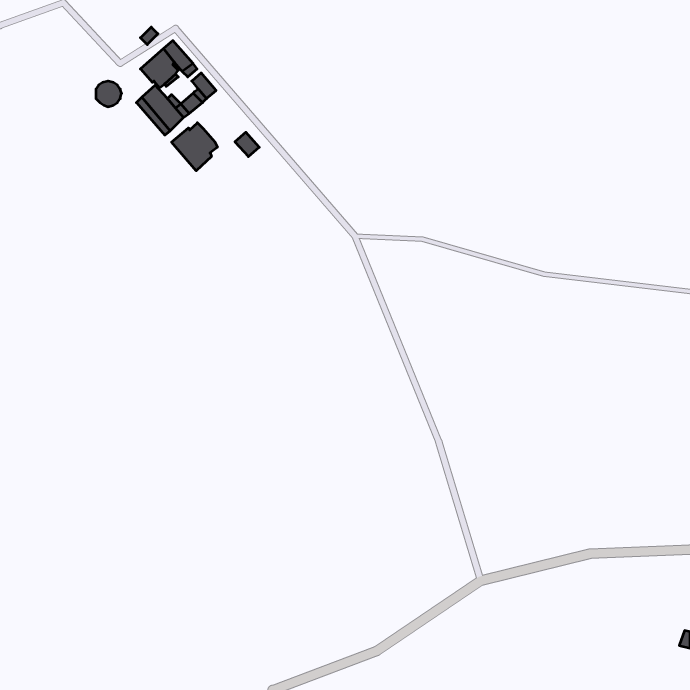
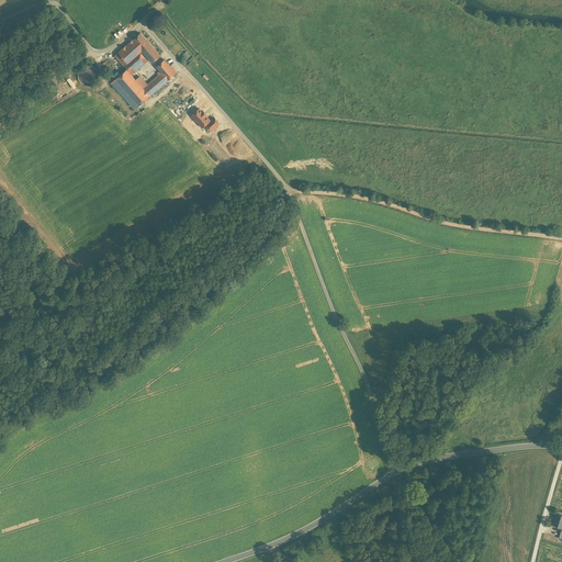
building: [172,123,217,171] -> none

